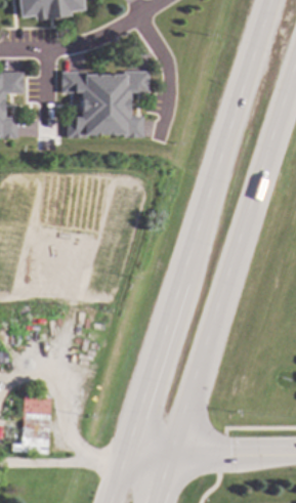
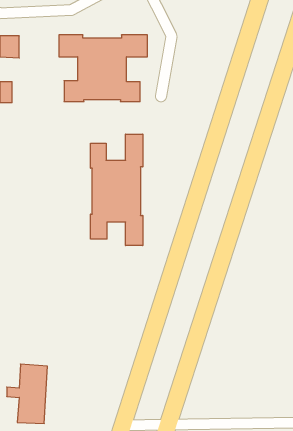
building: none -> [91,134,143,246]

